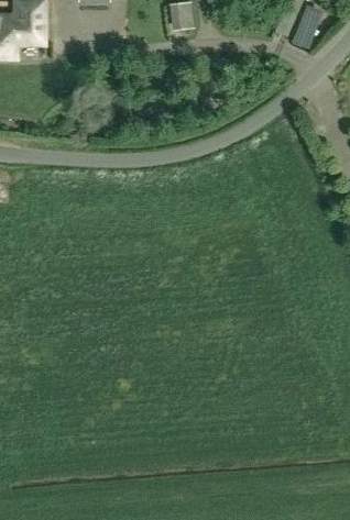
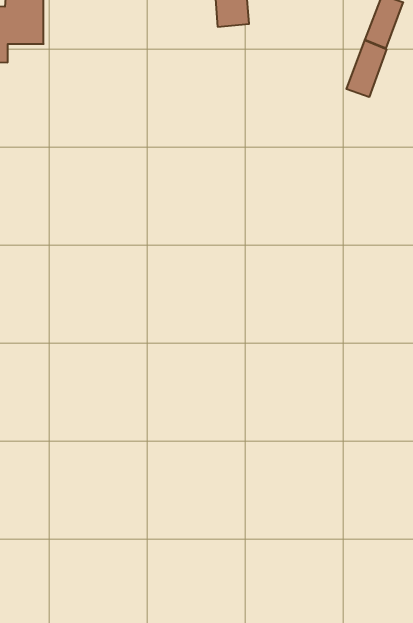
building: none -> [346,40,386,97]

